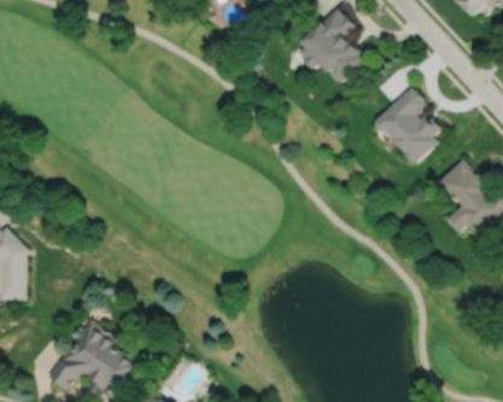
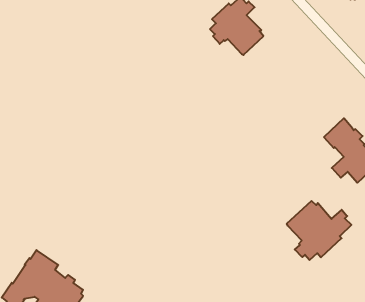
building: [374,86,440,163] -> none
building: none -> [287,201,351,260]

